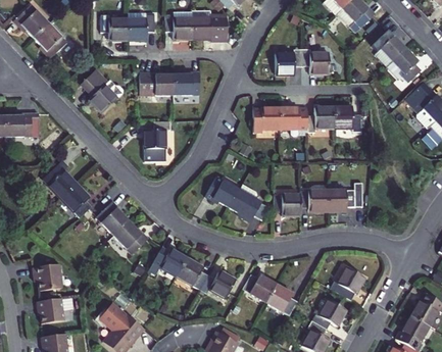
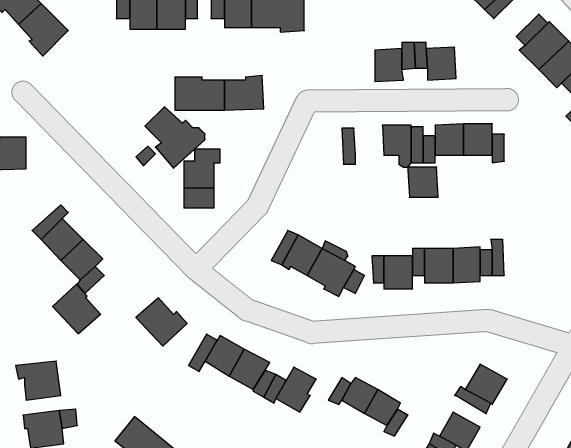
building: [83,70,124,112] -> [145,107,205,168]
building: [261,105,282,125] -> [408,167,438,197]
building: [96,202,129,236] -> [53,284,101,334]

